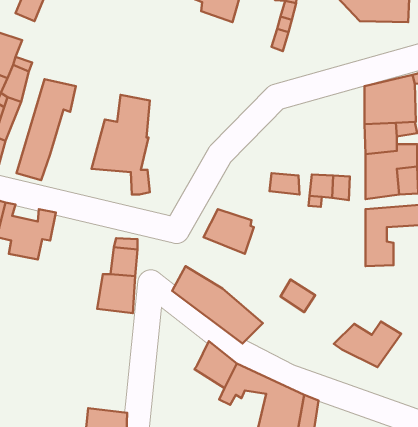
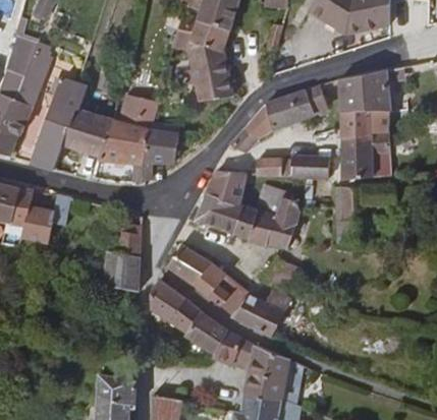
building: none -> [170,8,229,98]
building: none -> [233,86,331,155]
building: none -> [59,103,109,157]
building: none -> [142,127,174,158]
building: none -> [212,174,259,203]
building: none -> [236,184,304,249]
building: none -> [153,283,204,336]
building: [334,321,401,367] -> [234,295,295,337]

